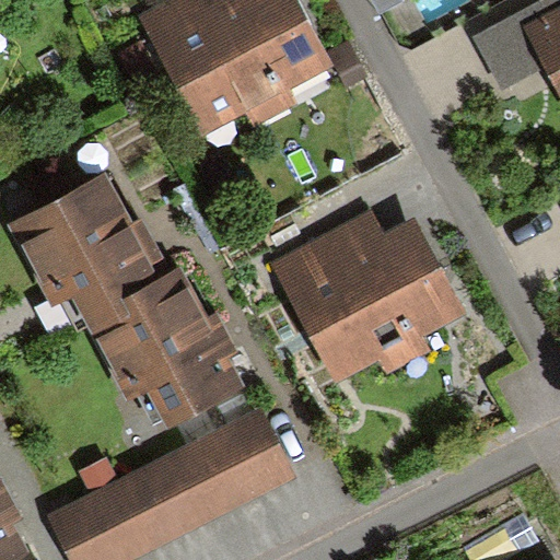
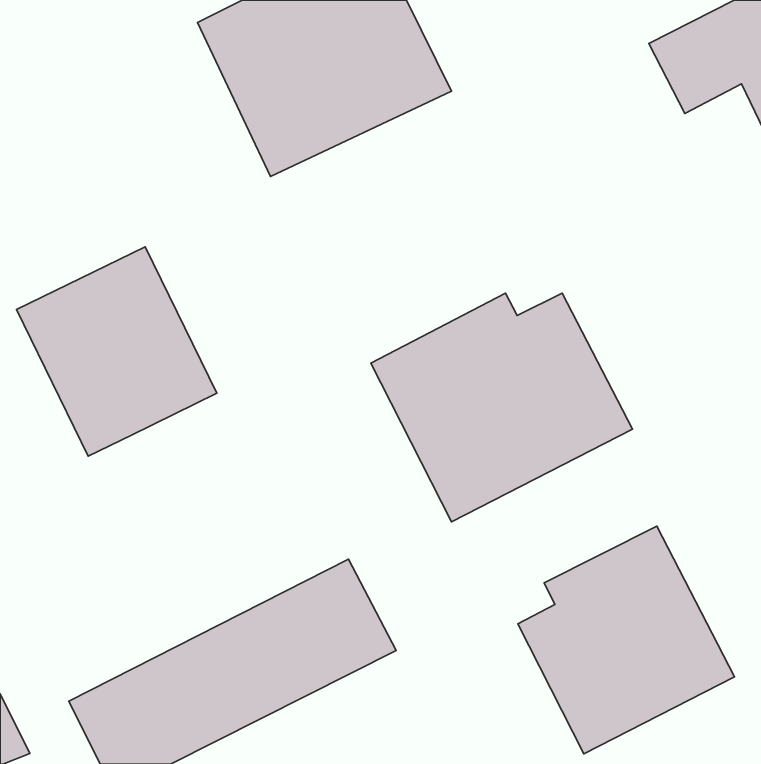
building: [98,277,241,433] -> none
building: none -> [518,526,734,754]

